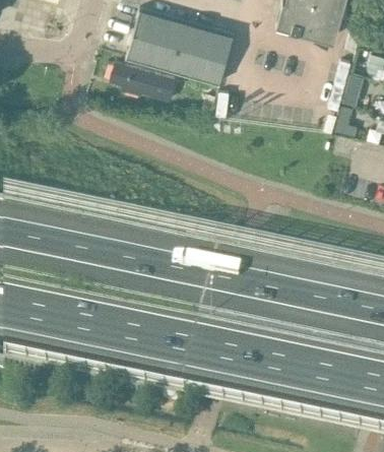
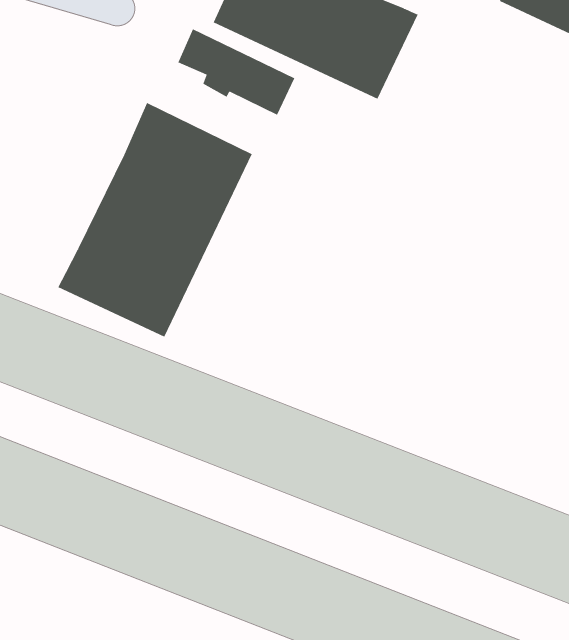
building: none -> [58,102,252,338]

